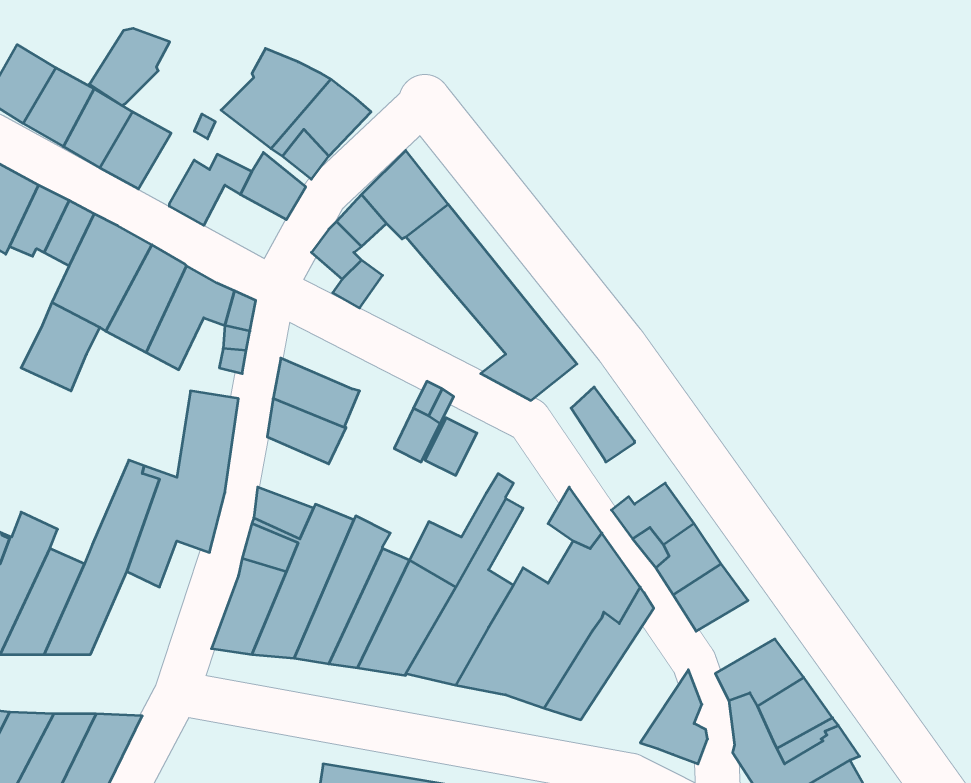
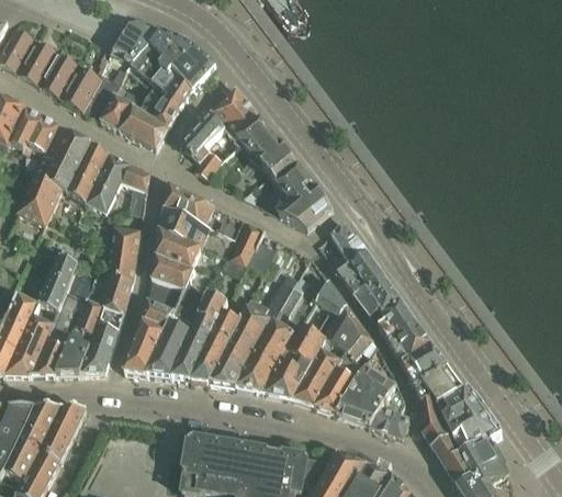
building: [89,28,170,105] -> [109,21,155,65]
building: none -> [120,106,167,148]
building: none -> [164,181,213,223]
building: none -> [32,246,77,323]
building: none -> [150,250,193,291]
building: none -> [337,253,383,292]
building: none -> [55,309,123,374]
building: none -> [401,343,446,385]
building: none -> [335,348,396,425]

